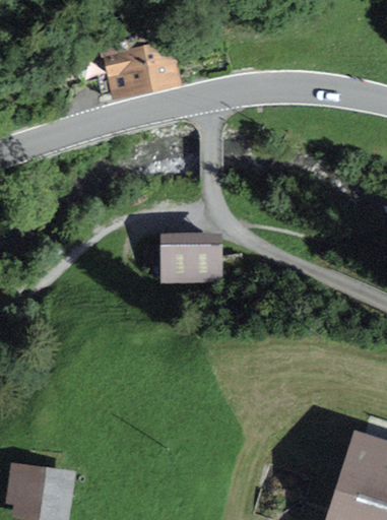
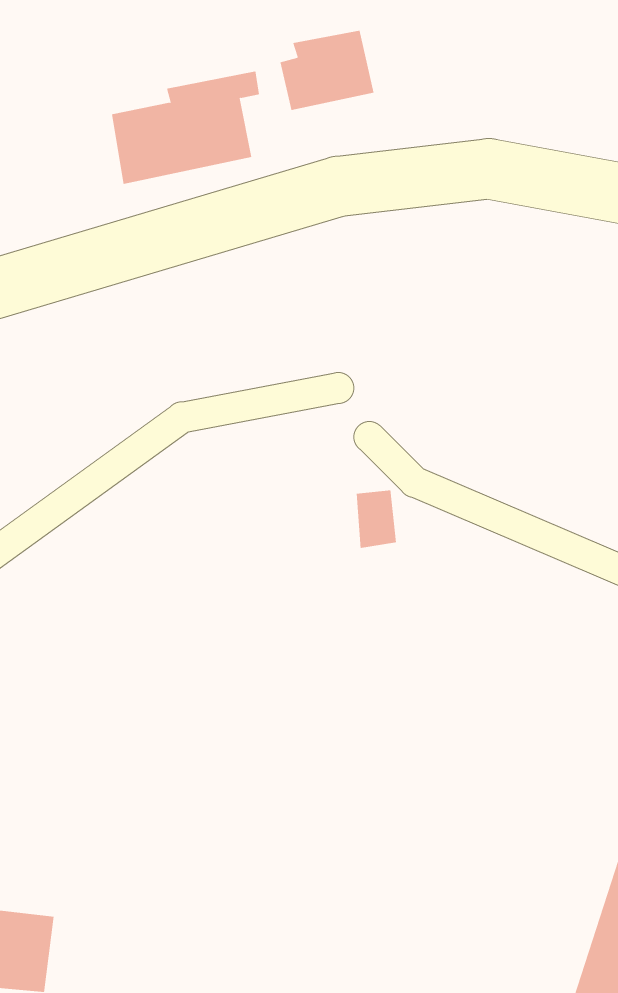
building: none -> [280,30,374,111]
building: [160,245,213,278] -> none

